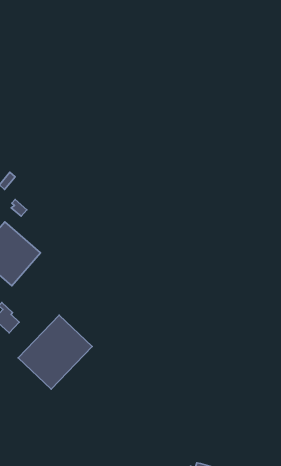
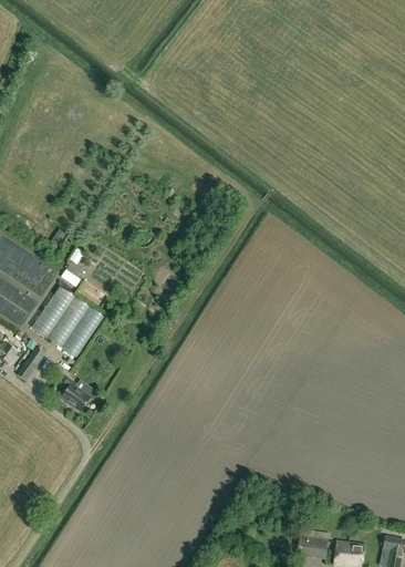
building: [18,315,92,389] -> none

